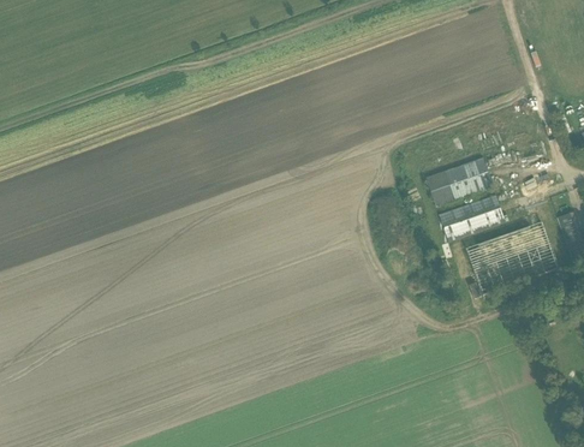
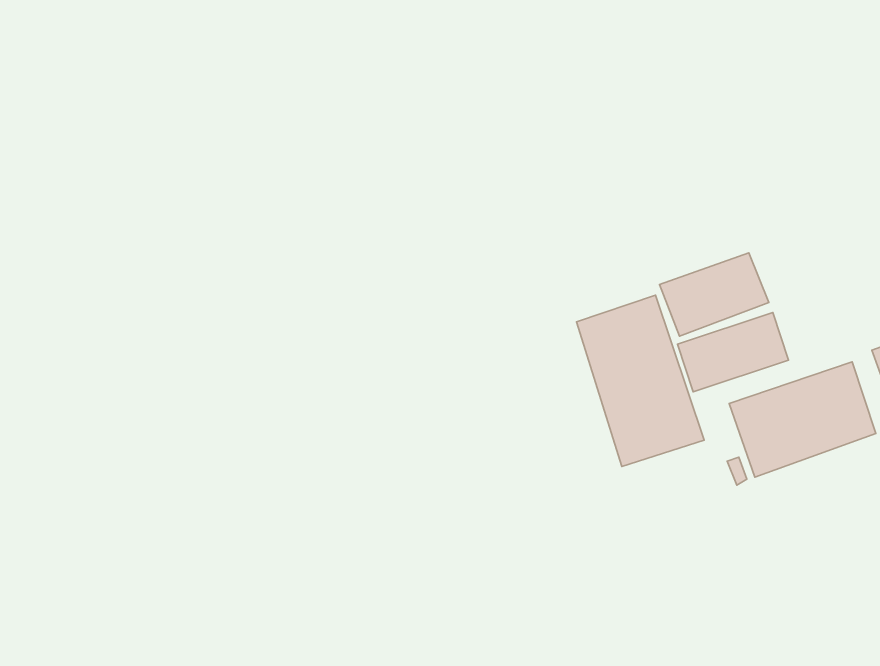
building: none -> [576,295,704,467]

